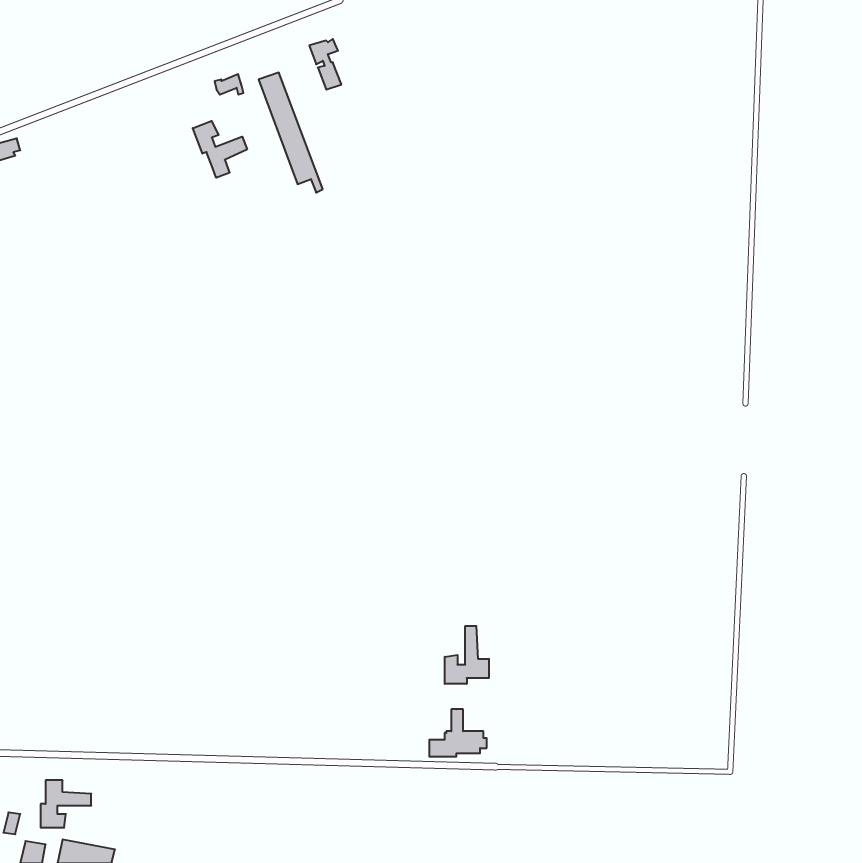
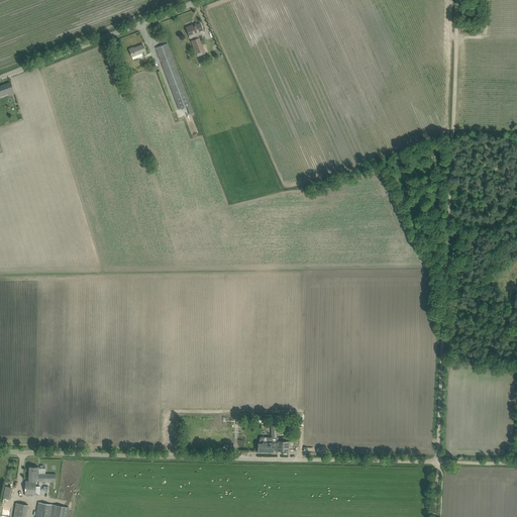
building: [193,121,247,178] -> none
building: [445,626,489,684] -> none

